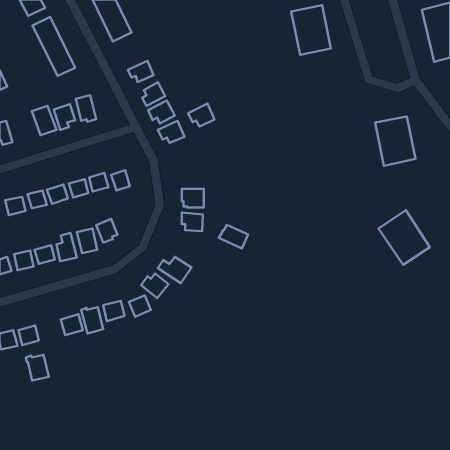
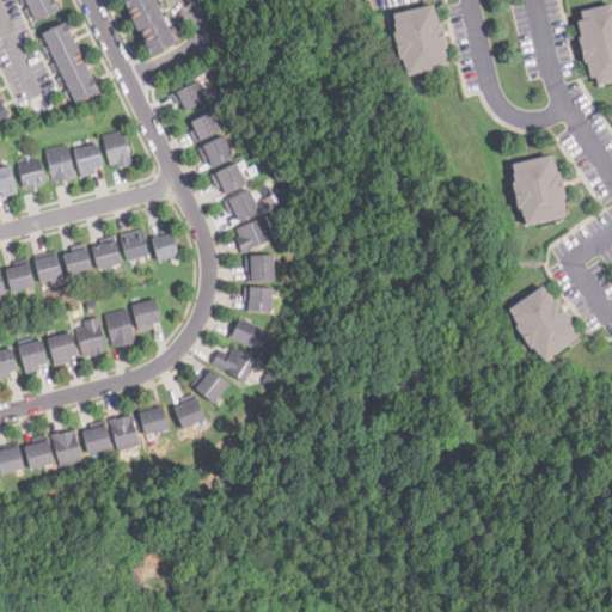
building: [188,104,215,127] -> [227,190,263,221]
building: none -> [18,159,45,189]
building: none -> [238,218,276,252]
building: [219,225,248,249] -> [228,319,268,351]
building: [26,355,49,380] -> [53,432,84,466]

